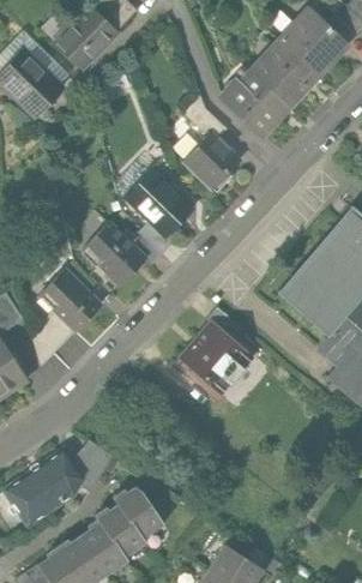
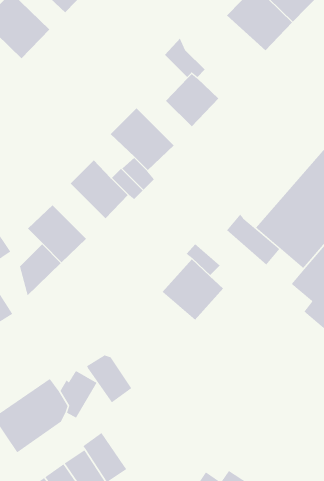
building: [218,72,288,139] -> none
building: none -> [226,214,280,266]
building: [115,491,163,541] -> [86,355,132,403]

